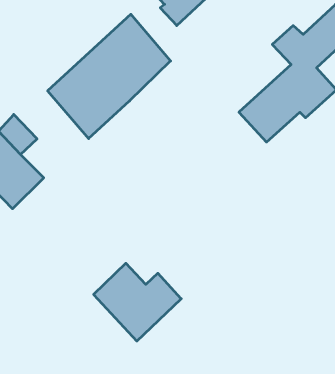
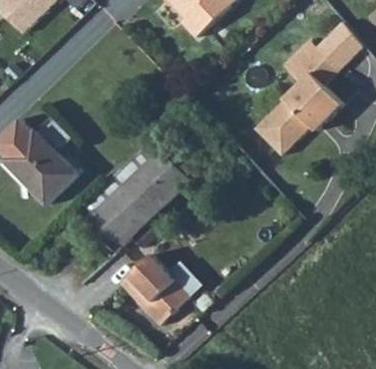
building: [48,14,171,139] -> [79,140,191,253]

